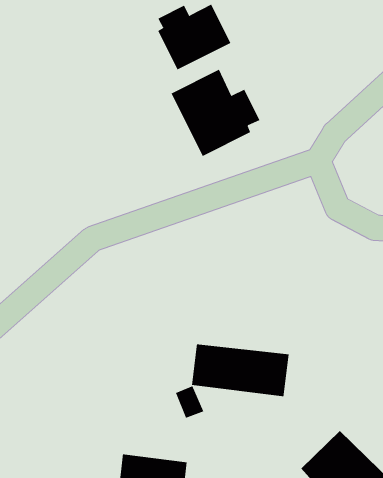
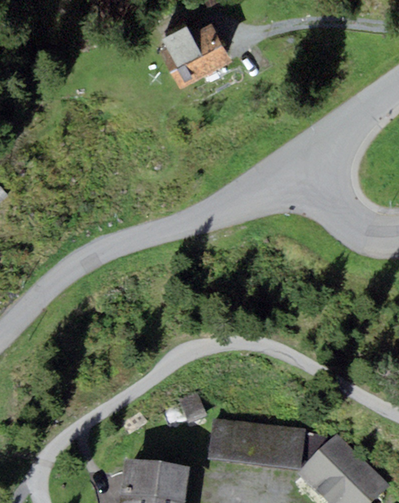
building: [171,69,260,157] -> none
building: [191,344,290,397] -> [208,420,303,471]

